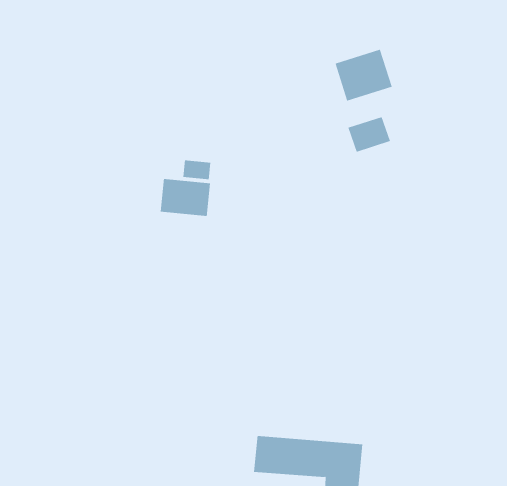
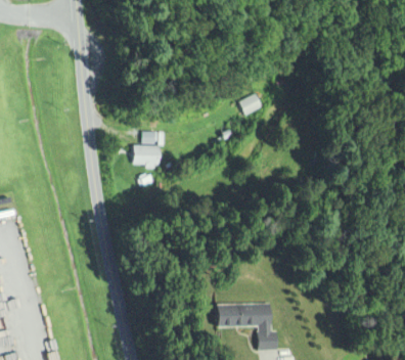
building: [335,49,392,102] -> none

